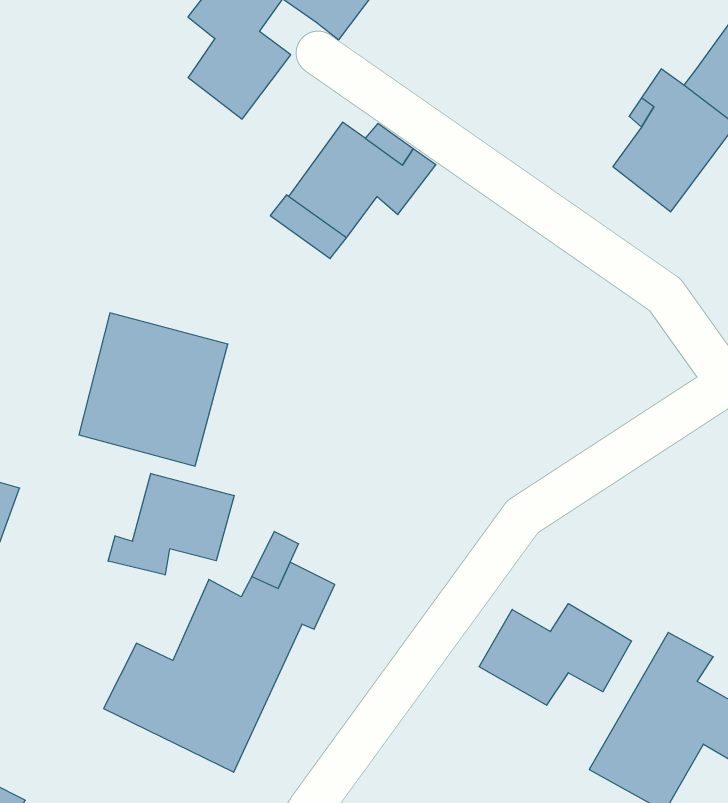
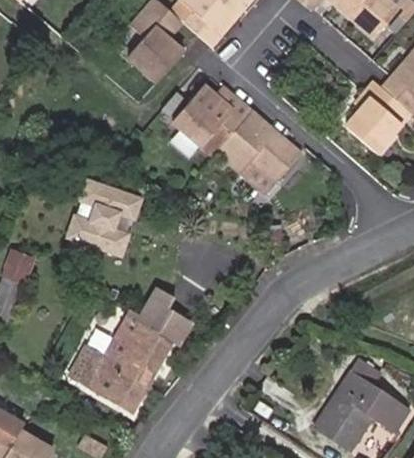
building: none -> [221,113,305,195]
building: [108,473,234,575] -> none
building: [479,604,631,705] -> none

